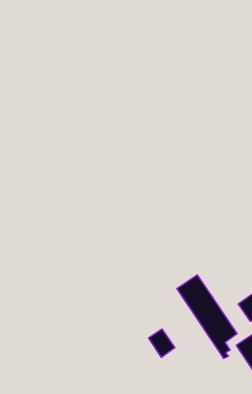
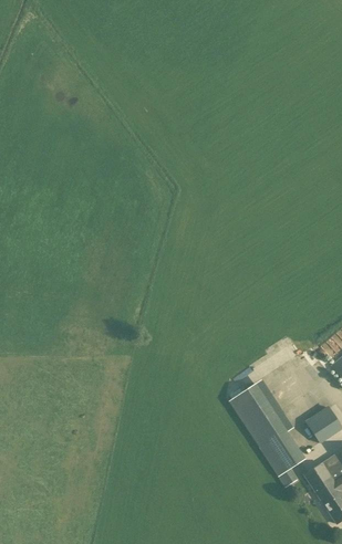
building: [148,329,175,357] -> none

